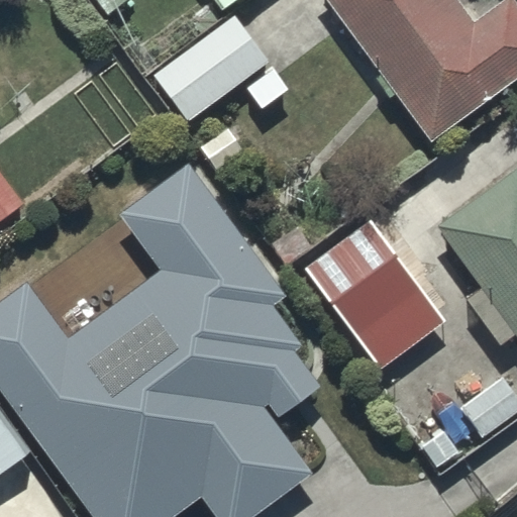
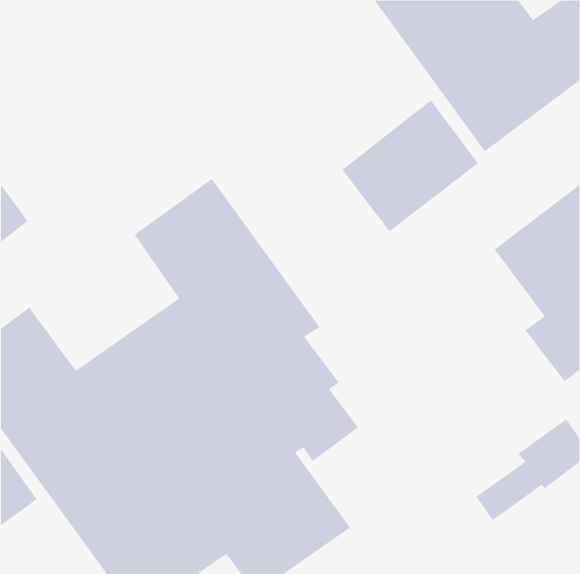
building: [153,16,270,122] -> none
building: [304,208,426,326] -> [342,100,479,232]

